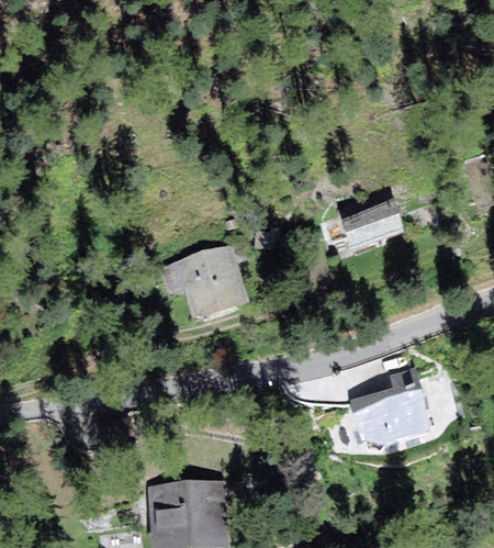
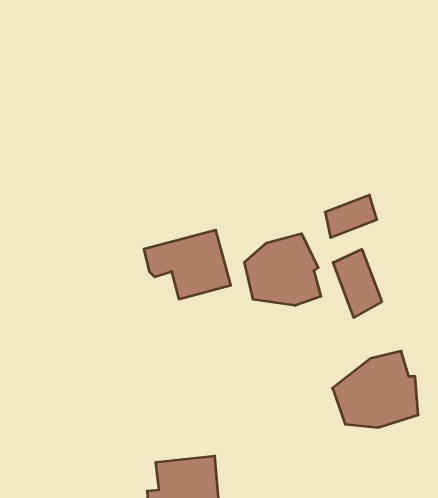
building: none -> [244,234,321,306]
building: none -> [333,249,382,318]

